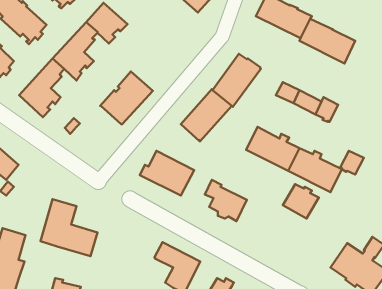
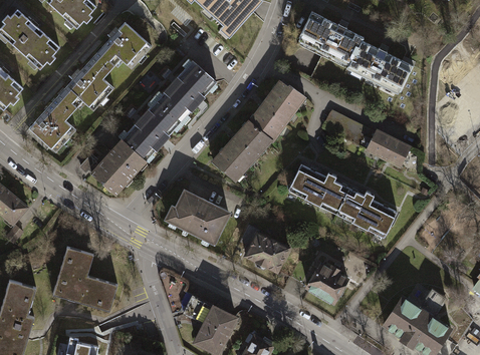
building: none -> [156,60,216,122]
building: none -> [91,139,145,193]
building: [340,151,364,174] -> [383,138,410,165]
building: [283,184,319,219] -> [306,263,347,302]

